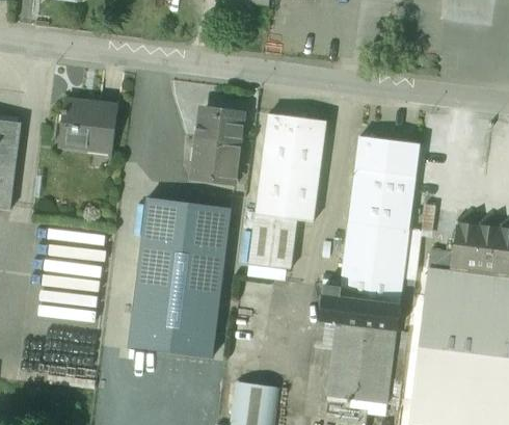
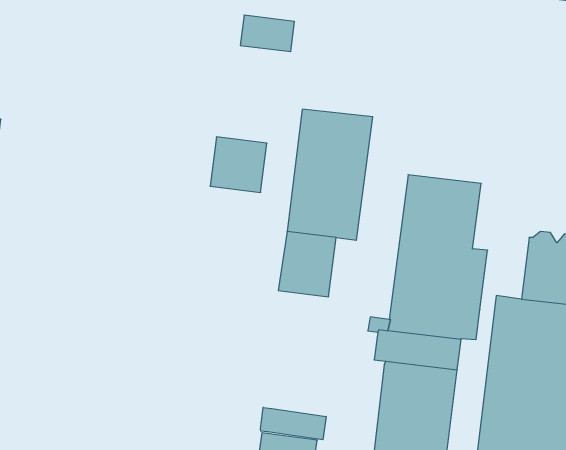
building: [58,99,117,149] -> none
building: [197,111,242,141] -> [240,15,294,52]
building: [355,131,420,175] -> none
building: [130,197,230,357] -> none
building: none -> [260,407,326,440]

